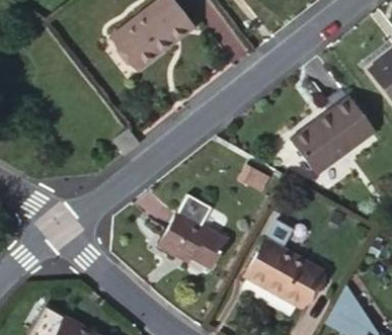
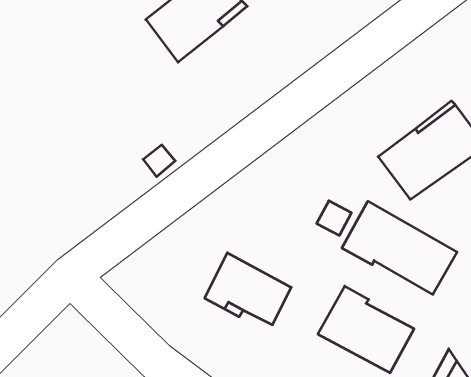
building: none -> [342,201,457,294]

